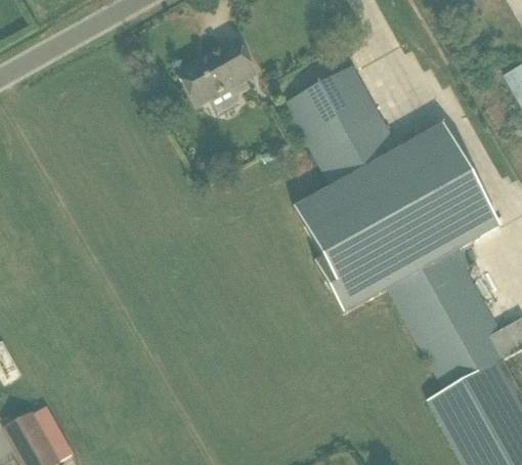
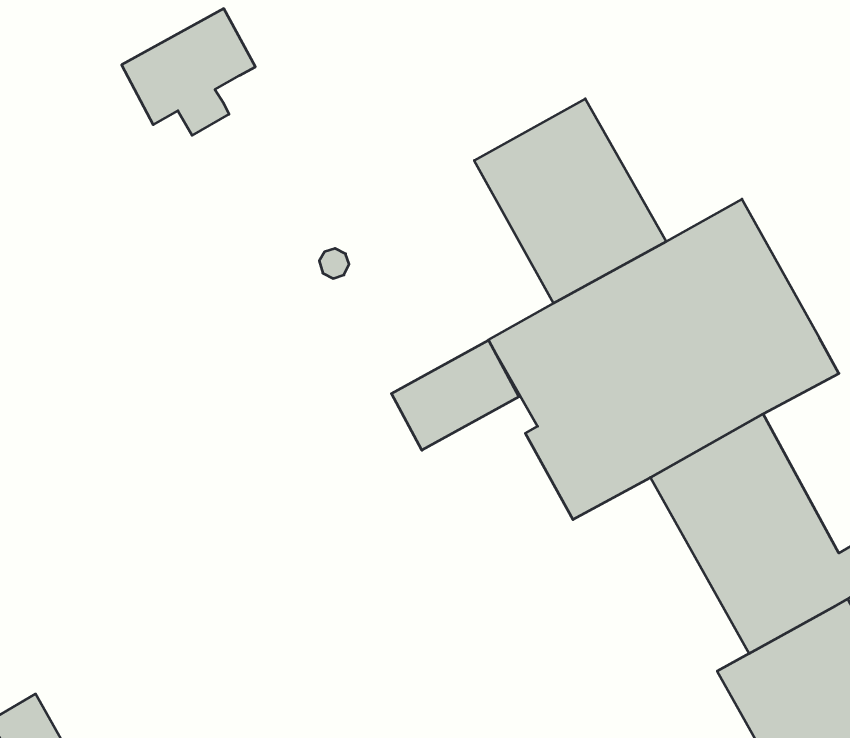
building: [179,37,257,111] -> [122,9,255,135]
building: none -> [391,340,519,450]

